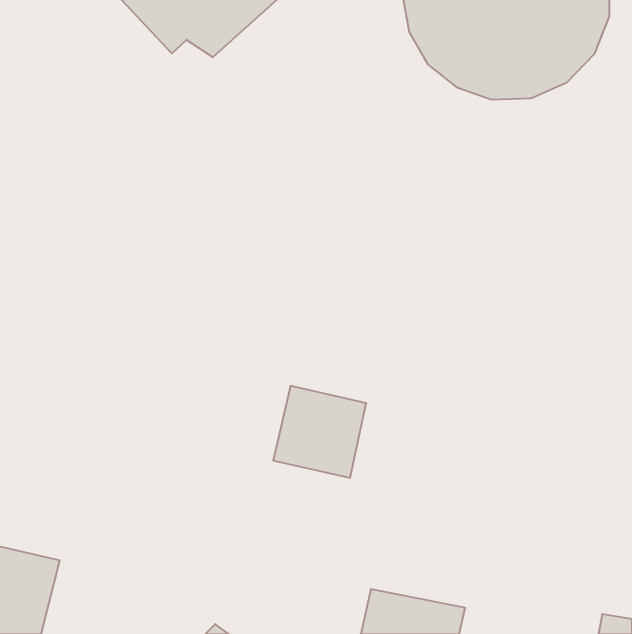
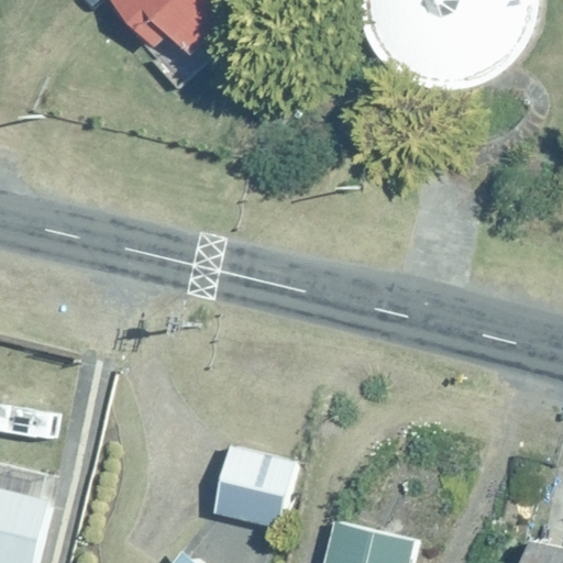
building: [273,386,366,478] -> [212,445,295,527]

